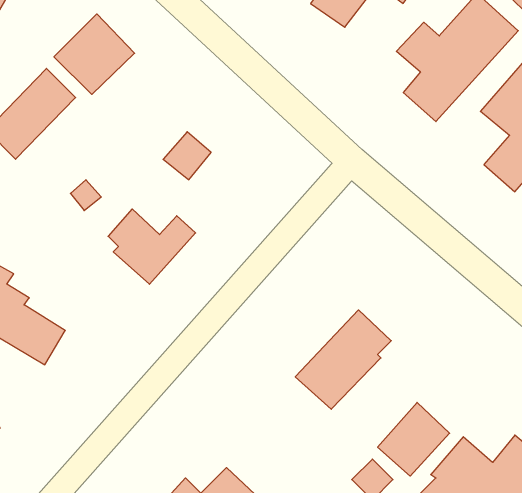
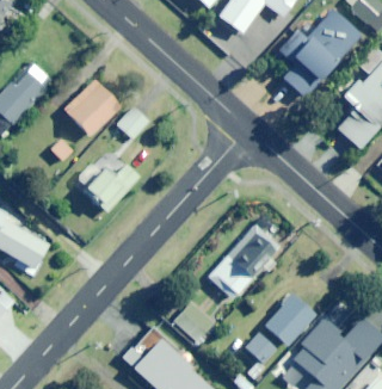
building: [54,14,135,94] -> [63,80,119,136]
building: none -> [173,302,217,345]

